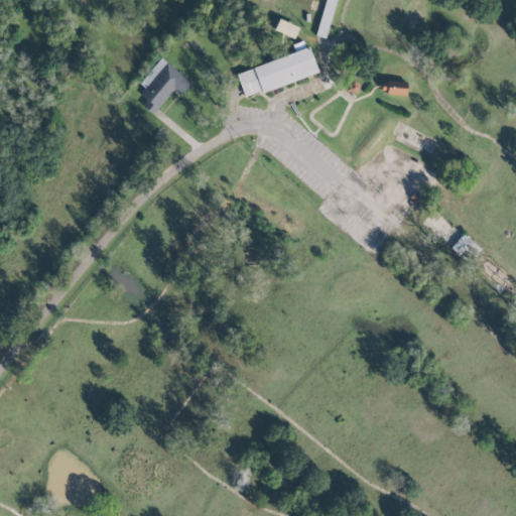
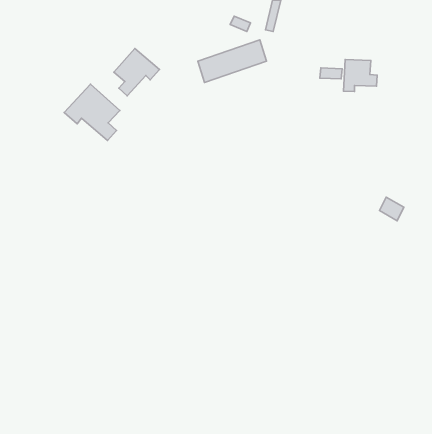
building: none -> [344,60,377,91]
building: none -> [64,84,120,141]

